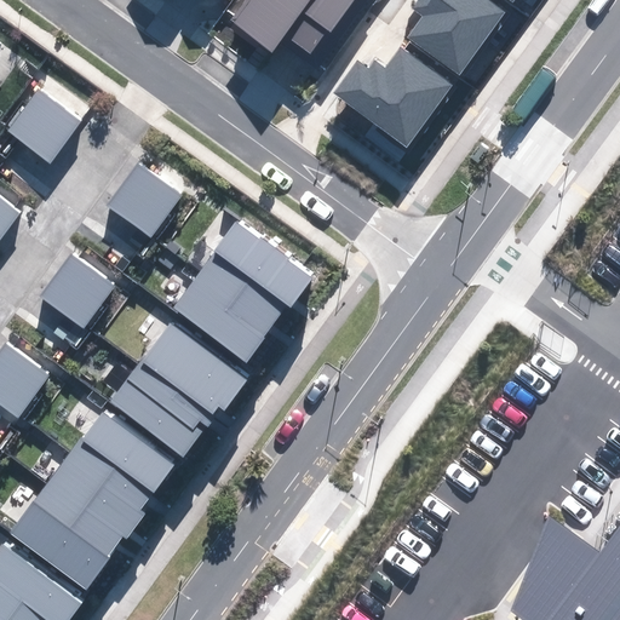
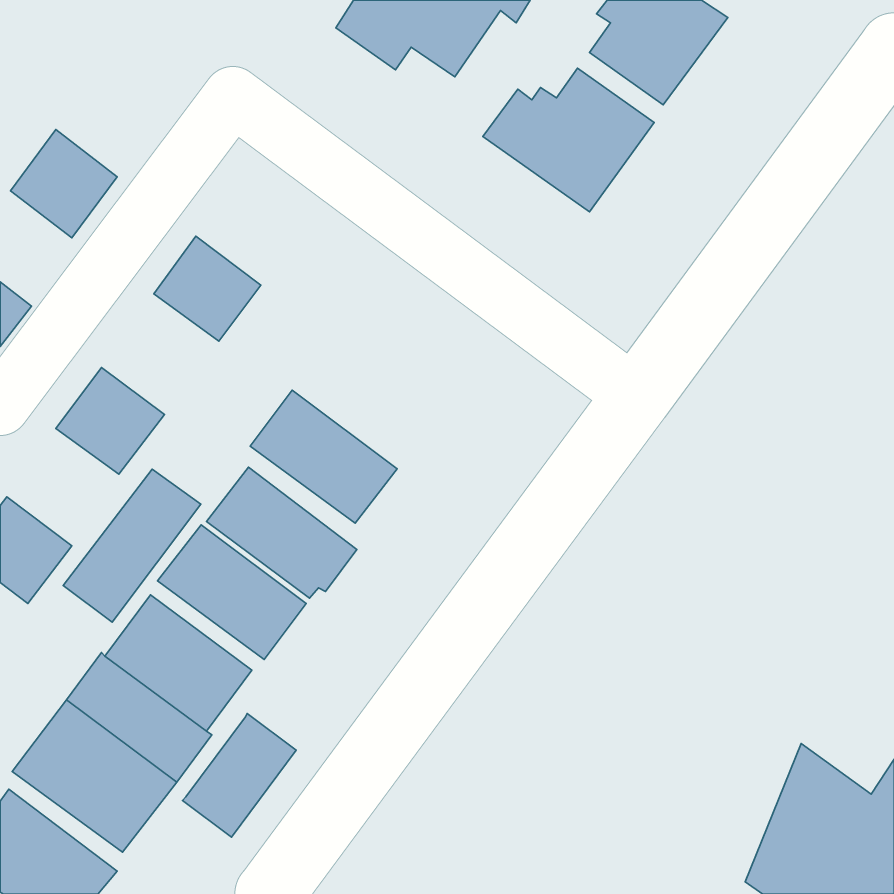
building: [200,222,311,325] -> none
building: none -> [63,469,201,622]
building: none -> [182,713,296,837]

